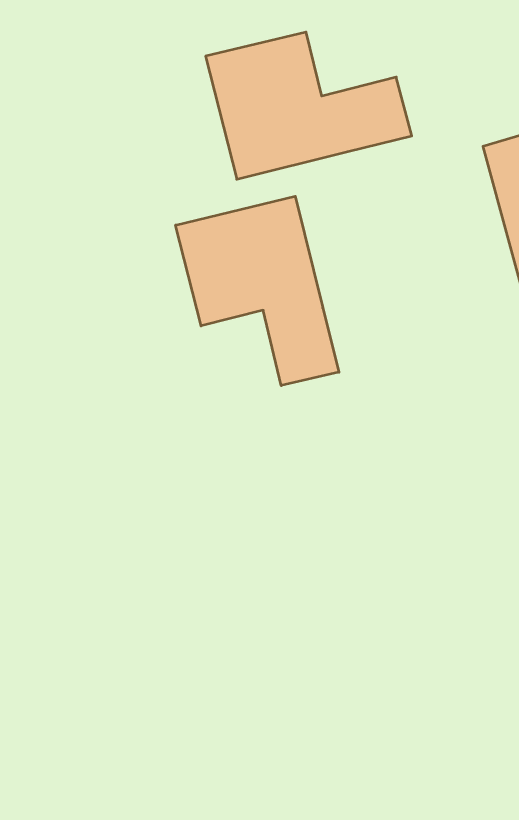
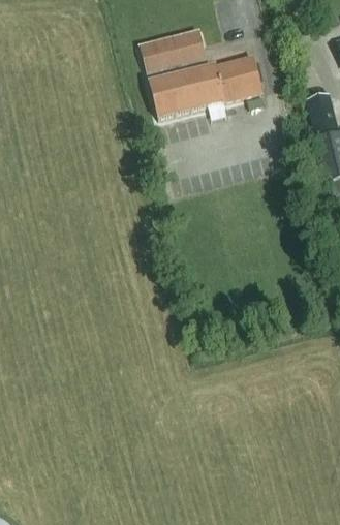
building: [176,196,339,386] -> none

